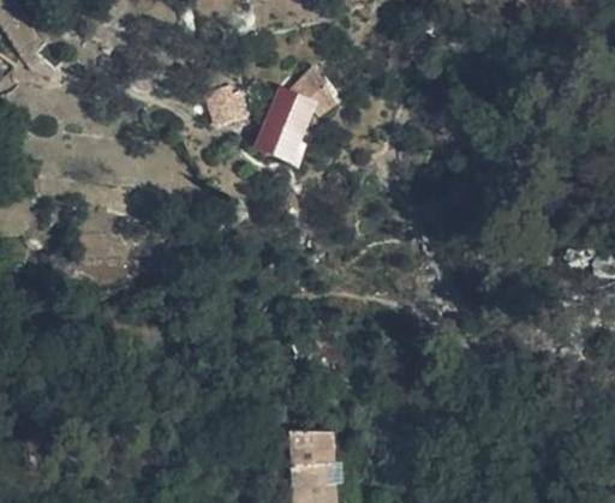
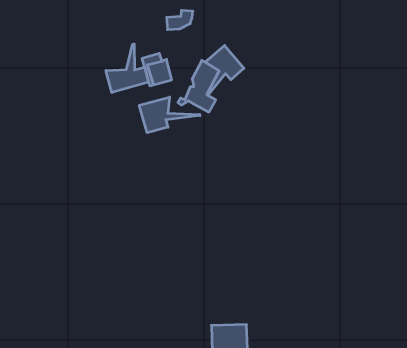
building: none -> [106,44,148,93]
building: none -> [139,97,200,133]

